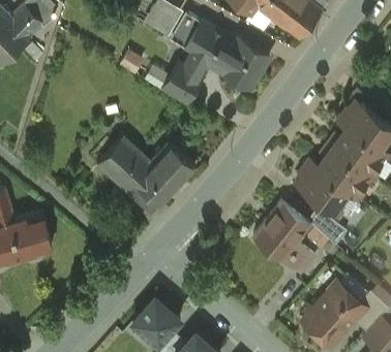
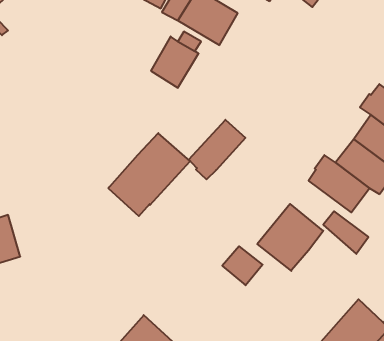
building: [219,38,268,88] -> none
building: none -> [189,120,245,179]
building: [98,136,150,188] -> none
building: [280,242,314,275] -> [222,246,263,285]

